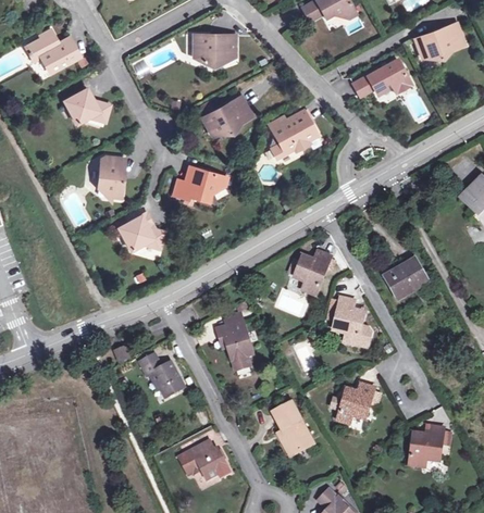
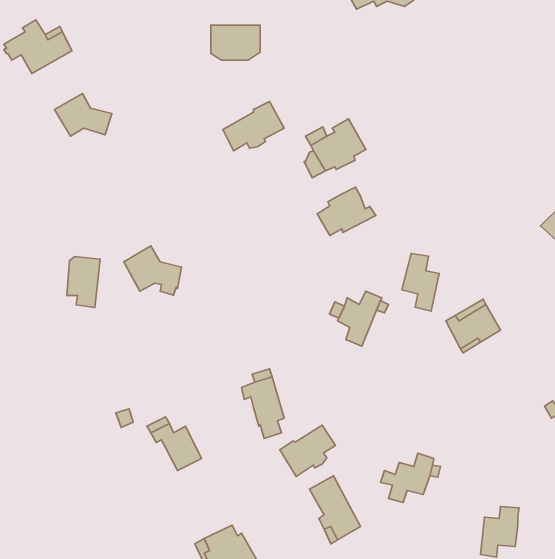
building: [414,20,464,55] -> none
building: [351,59,411,97] -> none
building: [98,157,125,198] -> [67,257,100,307]
building: none -> [317,187,376,235]
building: [174,166,228,200] -> none
building: [333,297,363,343] -> [402,254,439,311]
building: none -> [280,425,336,477]

